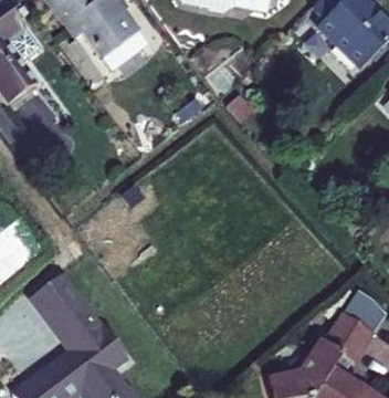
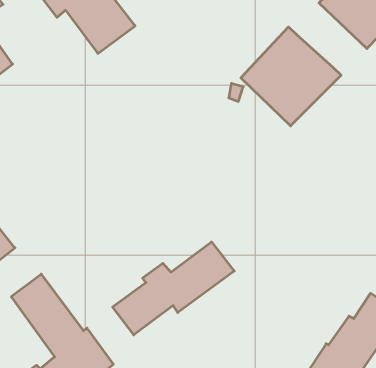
building: none -> [241,27,341,126]
building: none -> [113,242,234,335]

